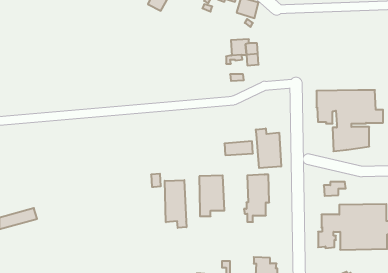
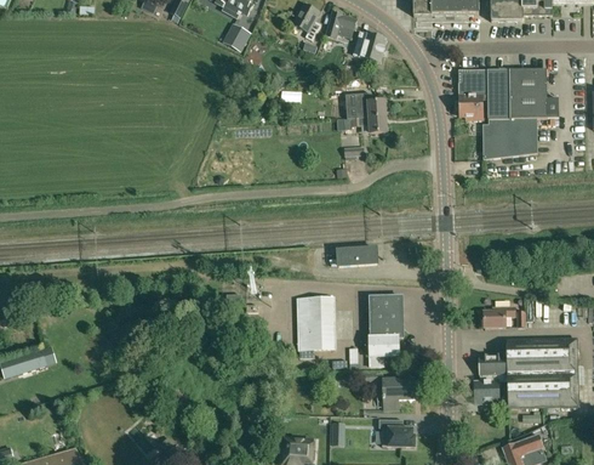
building: [316,90,383,151] -> [458,68,558,159]
building: [256,128,281,168] -> none
building: [165,180,186,228] -> none
building: none -> [361,370,415,409]

